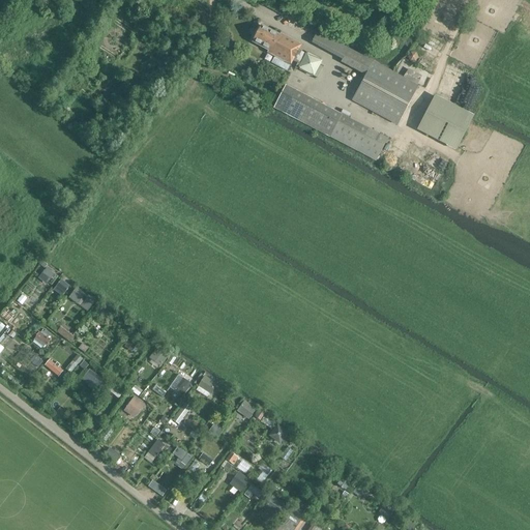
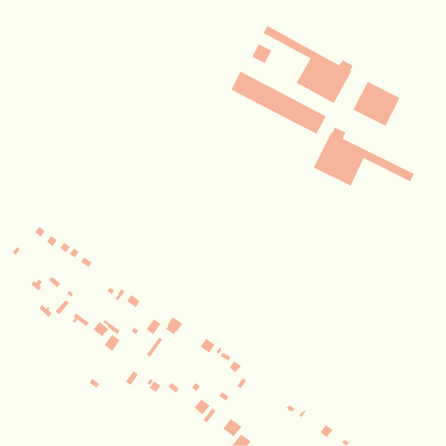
building: [252,26,300,70] -> none
building: none -> [313,127,414,186]

